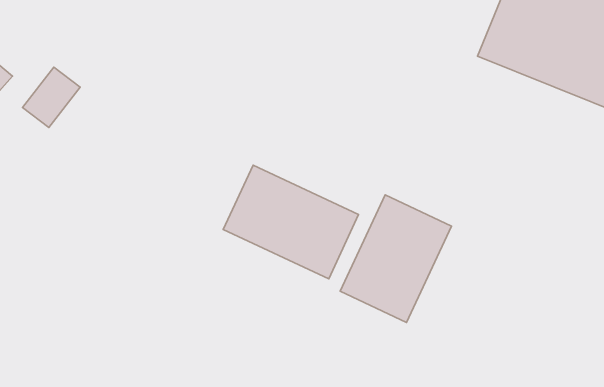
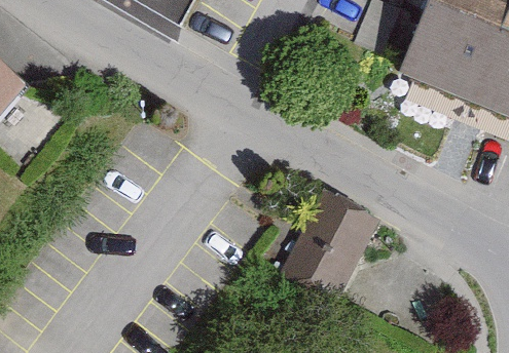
building: [223,165,358,279] -> none

